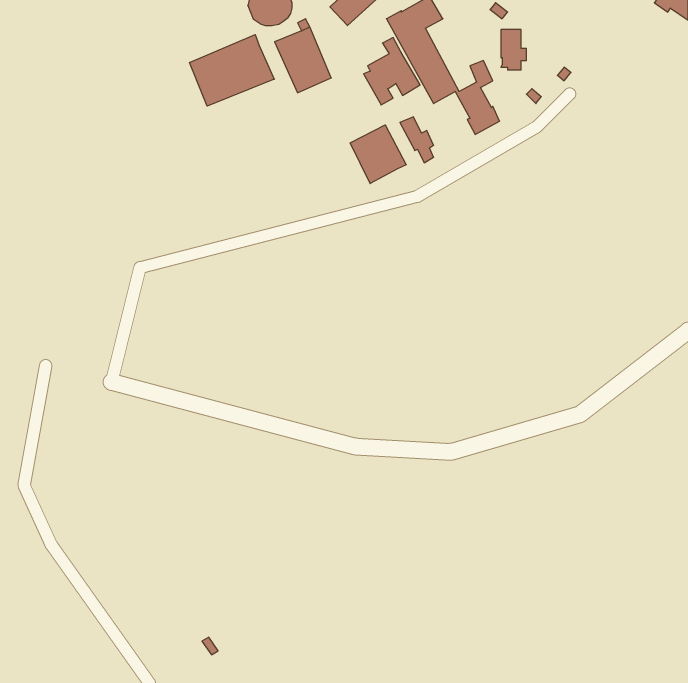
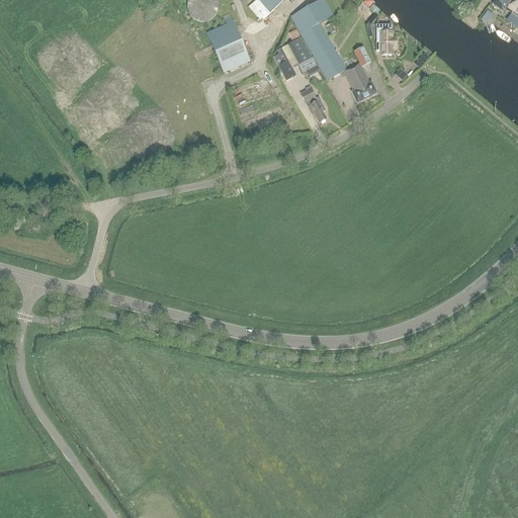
building: [190,35,274,106] -> none
building: [350,125,406,184] -> none

